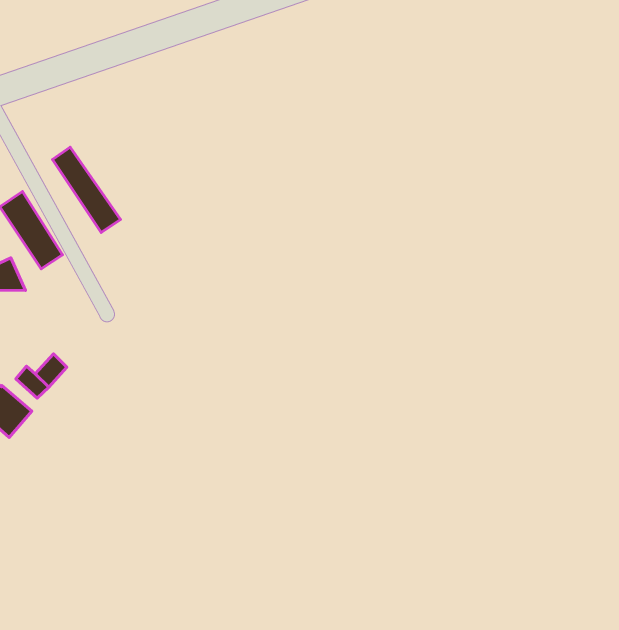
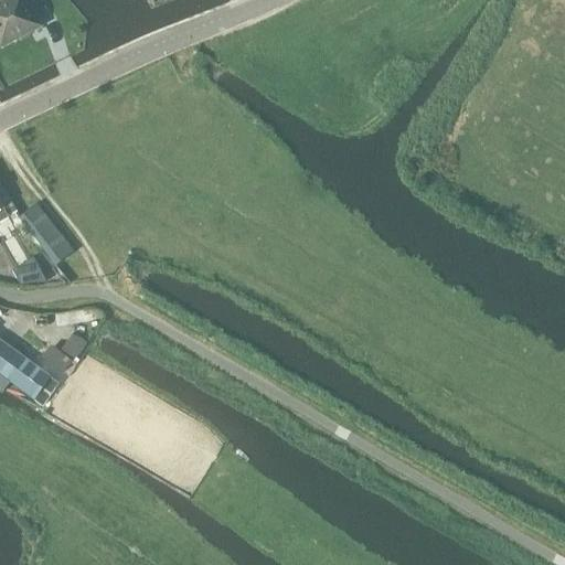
building: [52,147,120,232] -> none

